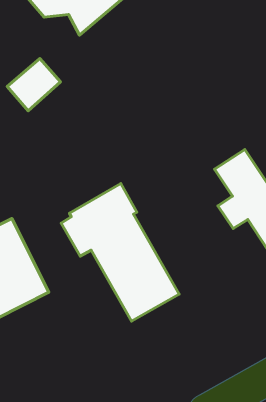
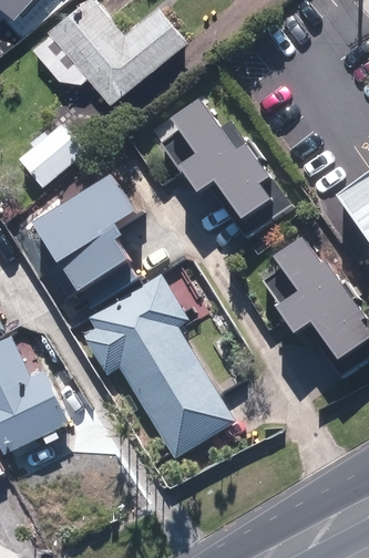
building: none -> [172,96,281,230]
building: none -> [31,173,136,307]

